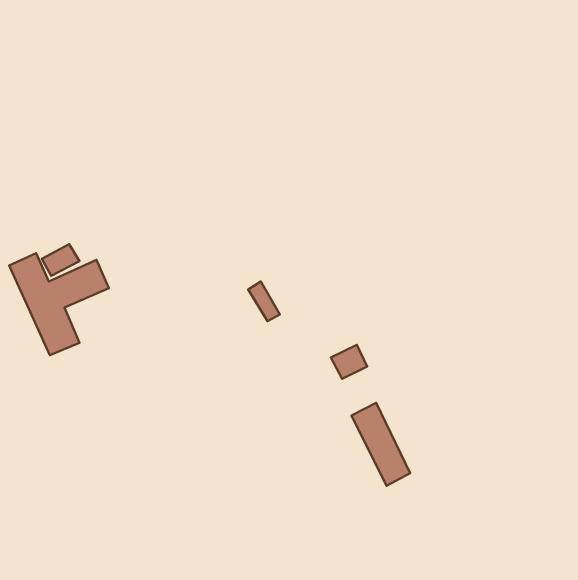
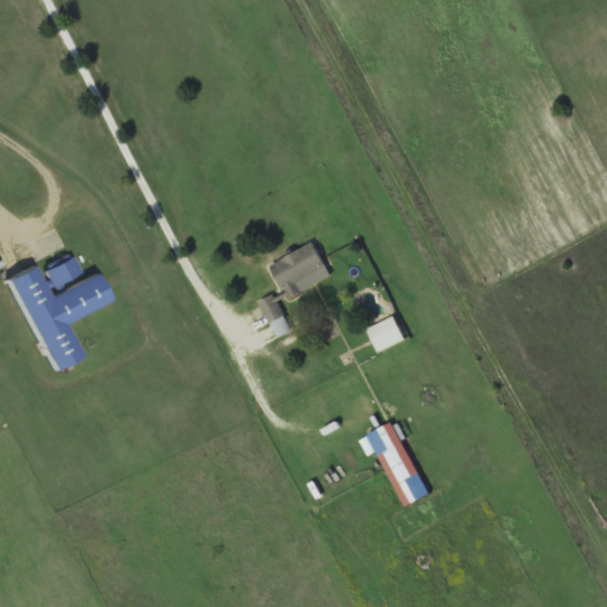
building: none -> [269,242,327,298]
building: [331,345,367,379] -> [366,315,404,351]

